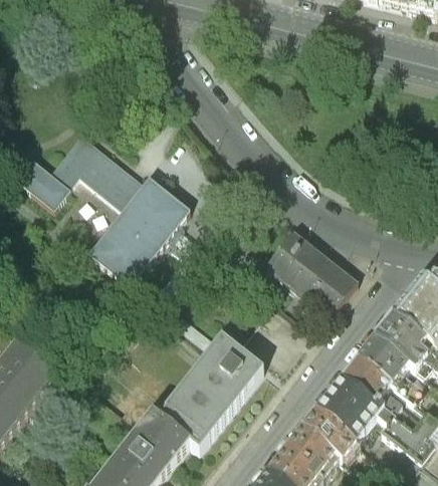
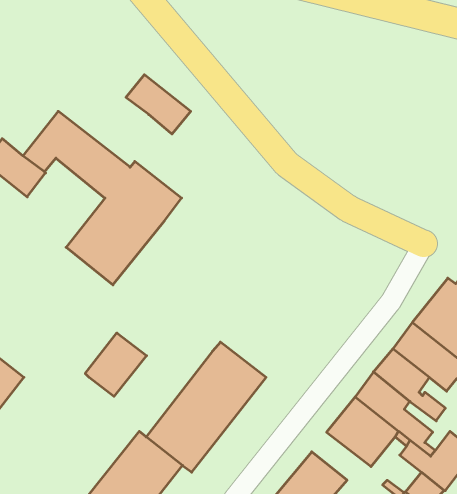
building: none -> [126,75,191,134]
building: [257,218,351,307] -> none
building: none -> [85,333,147,396]
building: [302,415,355,463] -> none

